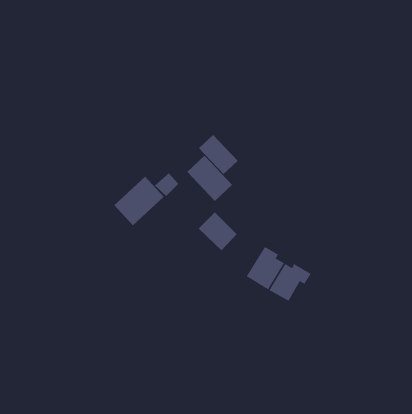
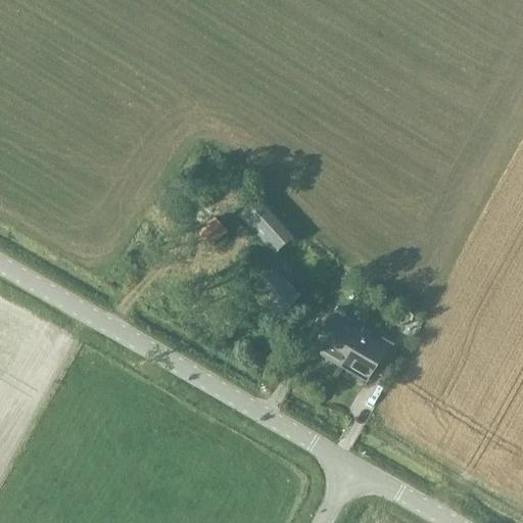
building: [198,134,238,175] -> none
building: [114,176,164,226] -> none

